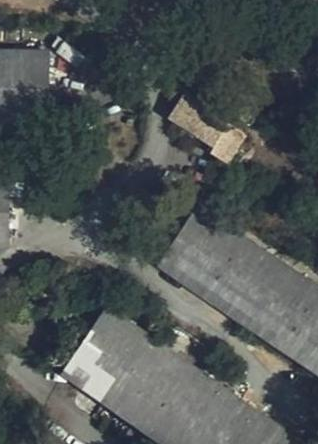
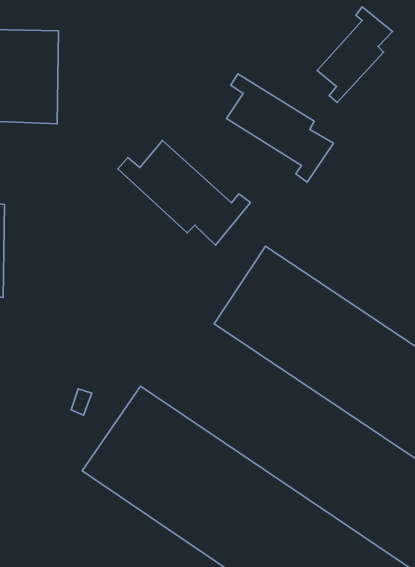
building: none -> [317,7,392,103]
building: none -> [118,140,250,245]

